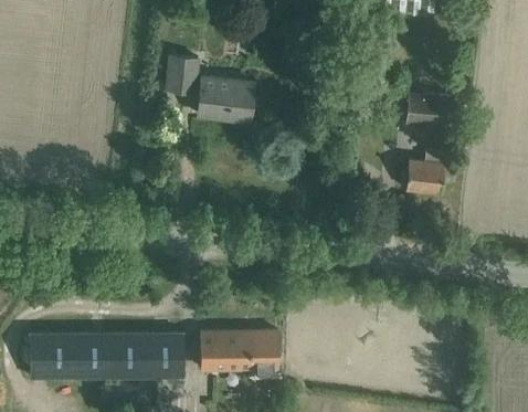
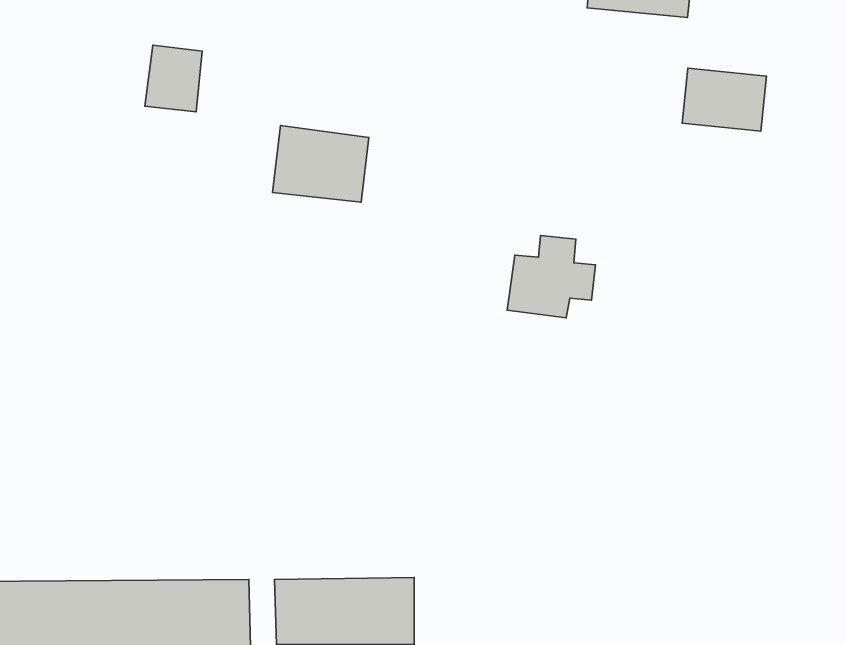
building: [166,55,198,93] -> [145,45,202,112]
building: [402,93,450,128] -> [682,68,767,131]
building: [405,147,455,193] -> [507,235,596,318]

